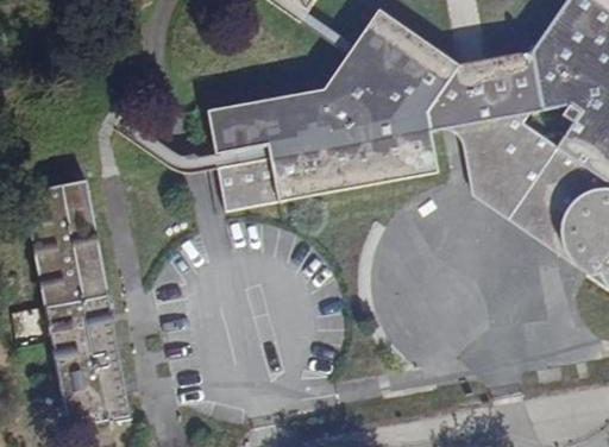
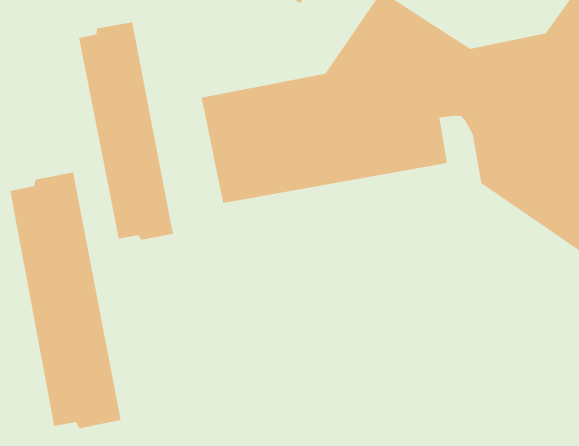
building: none -> [78,21,174,241]

